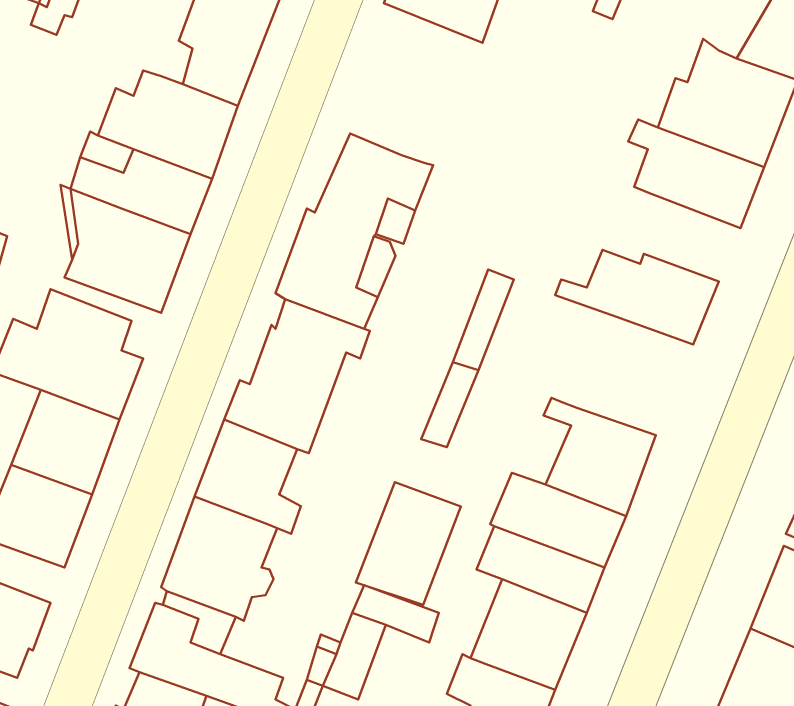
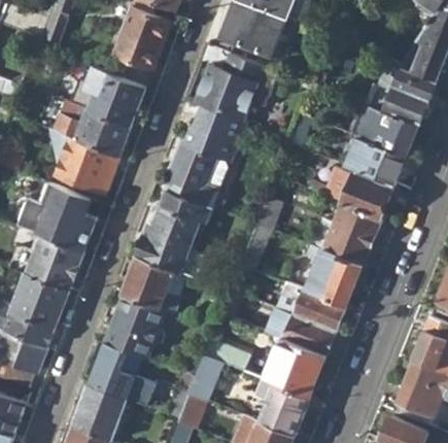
building: none -> [195,50,277,118]
building: none -> [347,134,407,180]
building: none -> [313,199,382,261]
building: [356,482,461,605] -> none

